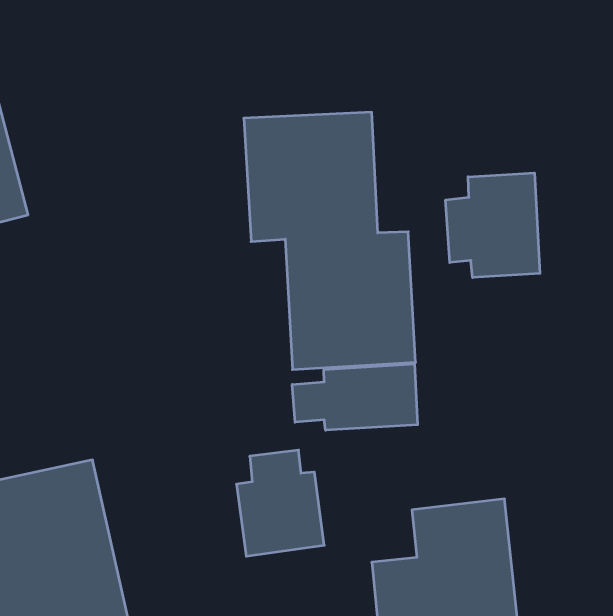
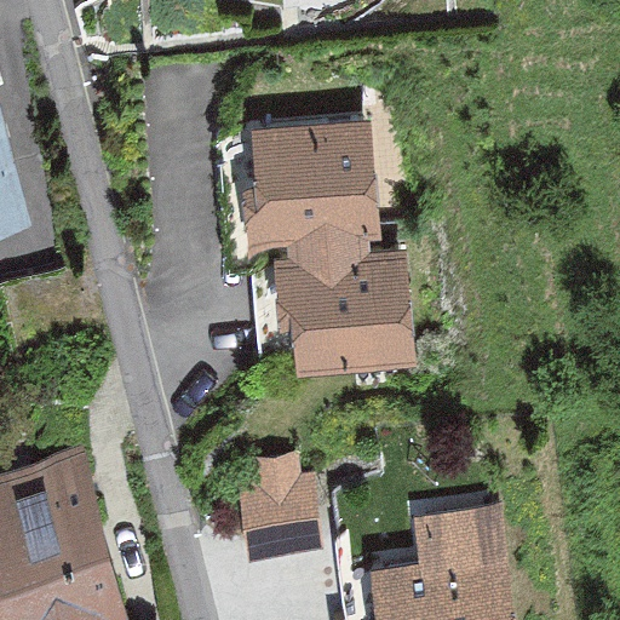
building: [446,173,540,278] -> none
building: [292,364,418,430] -> none

